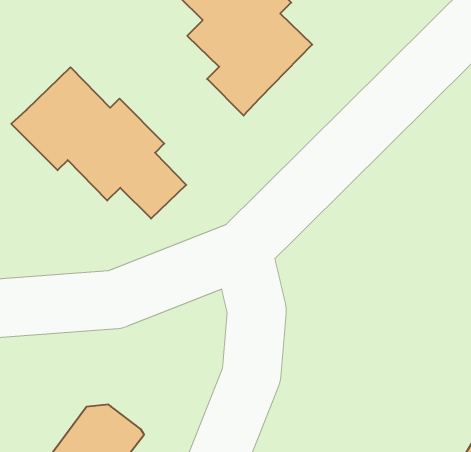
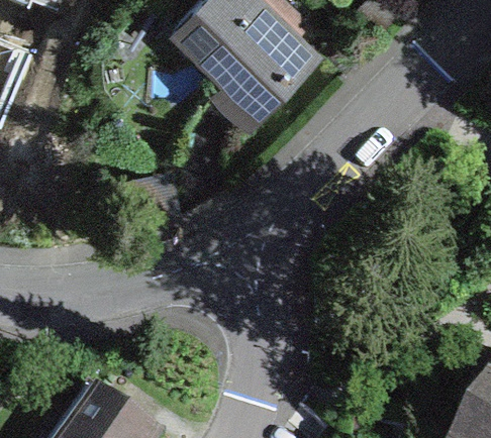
building: [11,67,186,219] -> none

